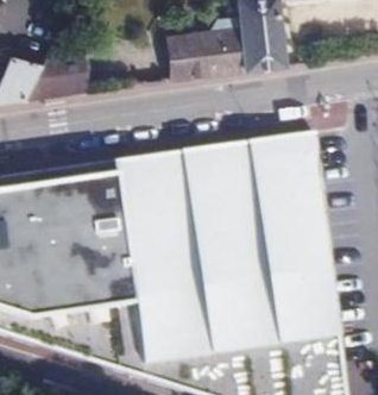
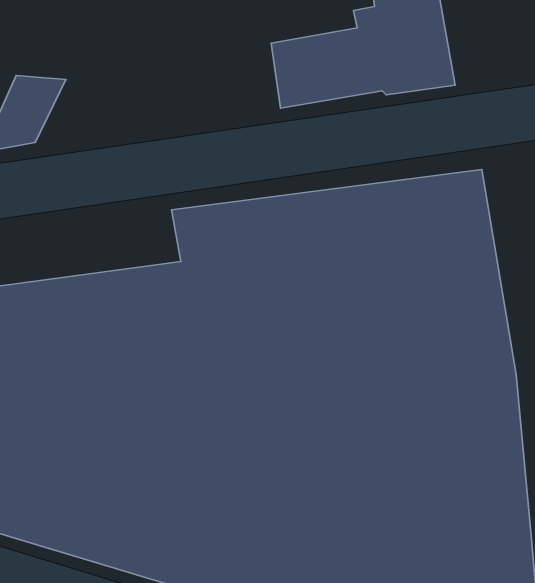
building: [31,49,96,94] -> none

